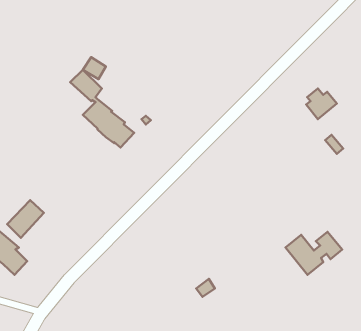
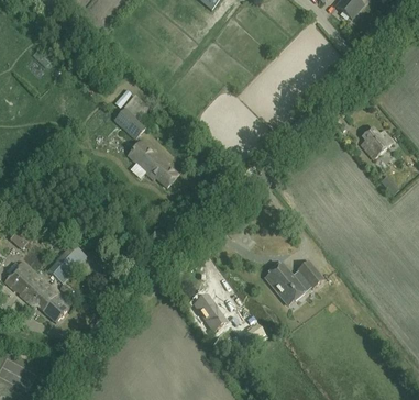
building: [286,232,342,275] -> [264,258,323,303]
building: none -> [192,293,227,332]

